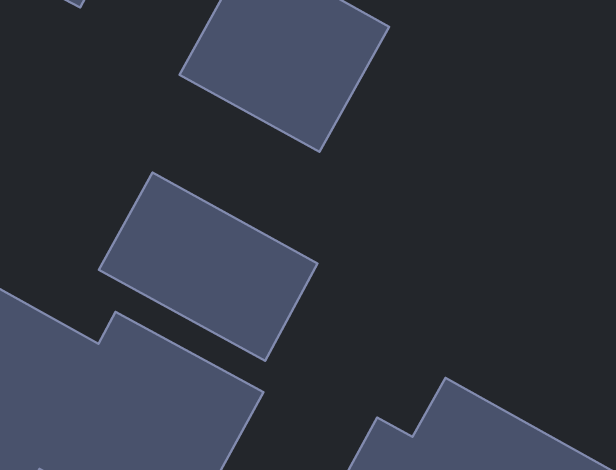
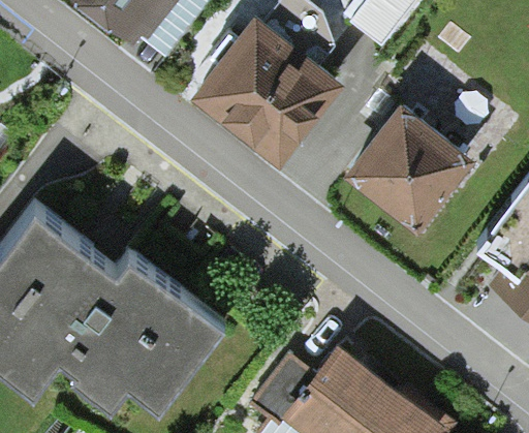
building: none -> [352,97,469,213]
building: [99,172,318,361] -> none

